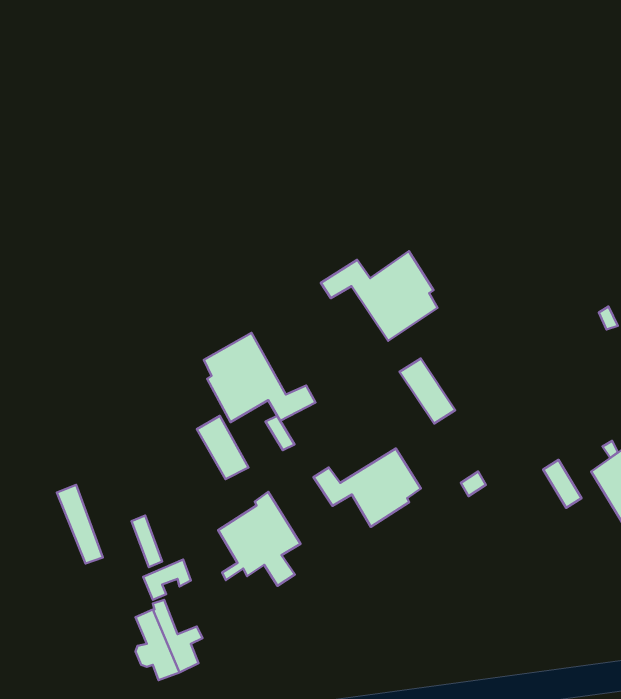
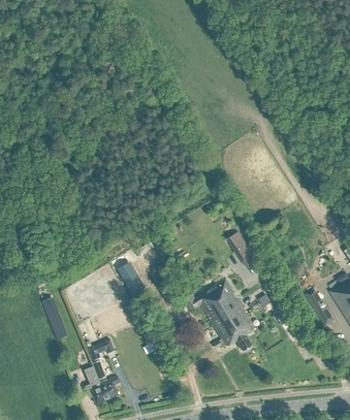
building: [321,251,437,341] -> none
building: [204,333,316,422] -> none
building: [218,492,301,586] -> [211,300,255,351]

